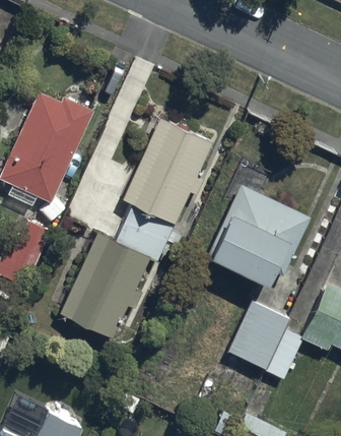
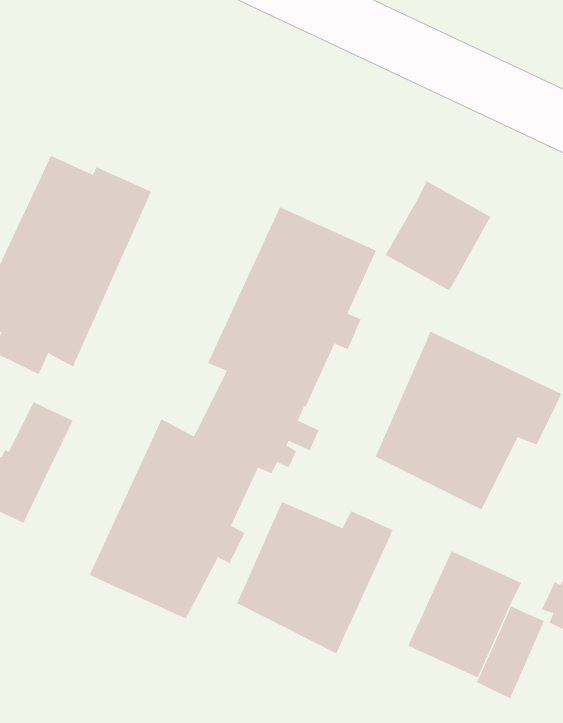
building: none -> [385,181,491,291]
building: none -> [237,501,393,654]

